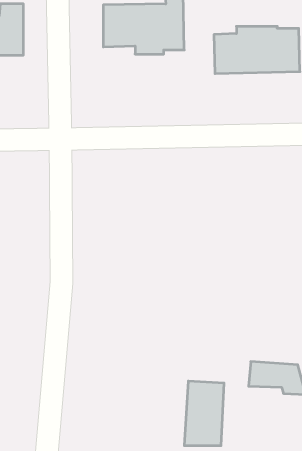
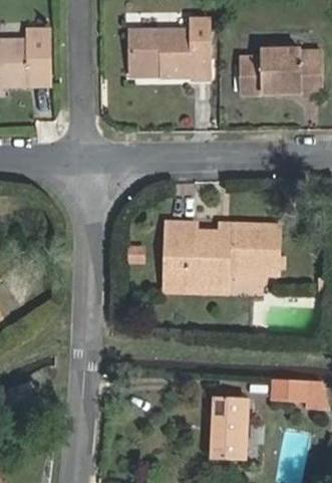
building: none -> [163,222,278,285]

